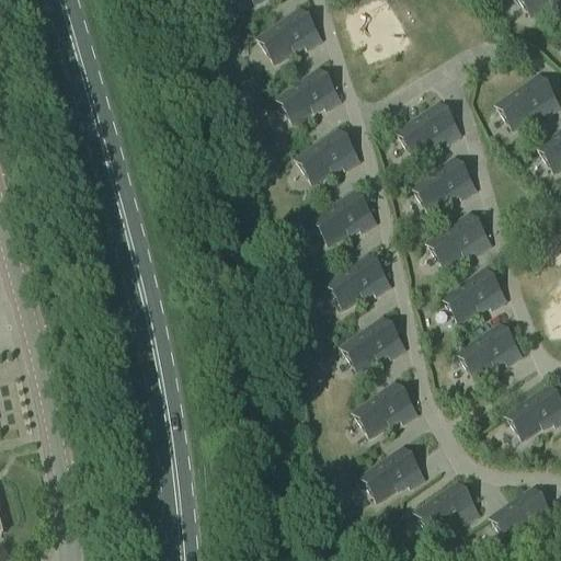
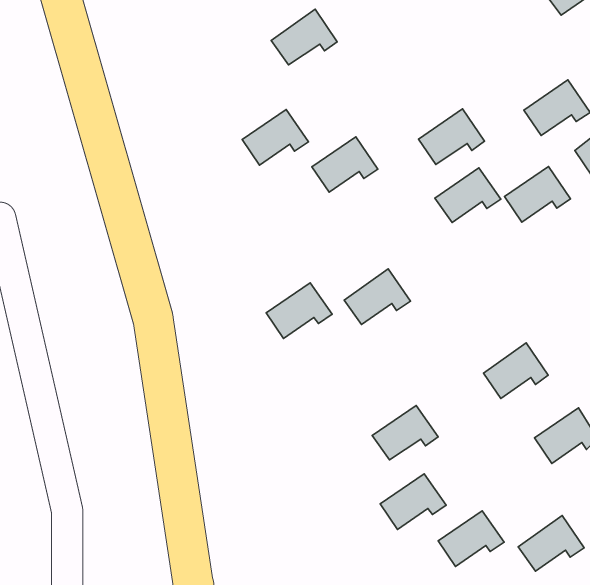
building: [278,69,341,122] -> [242,109,308,165]
building: [313,192,376,244] -> [266,283,332,338]
building: [428,214,491,266] -> [505,166,571,222]
building: [444,270,506,321] -> none
building: [342,318,404,370] -> none

